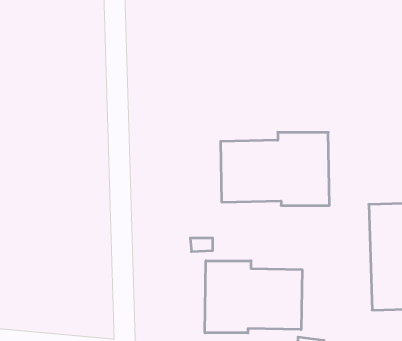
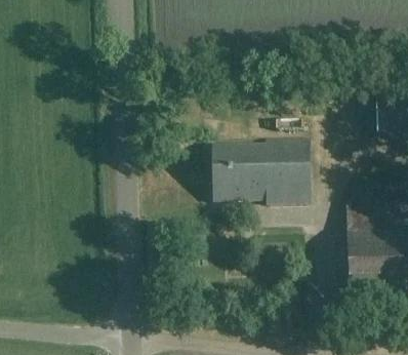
building: [205,261,302,333] -> none

